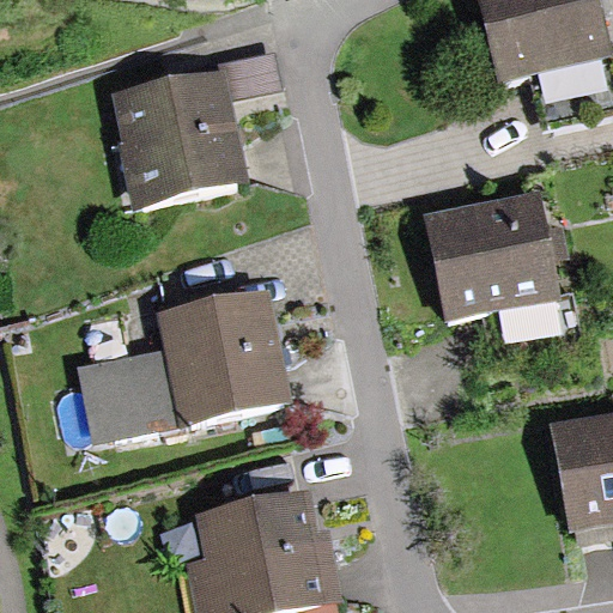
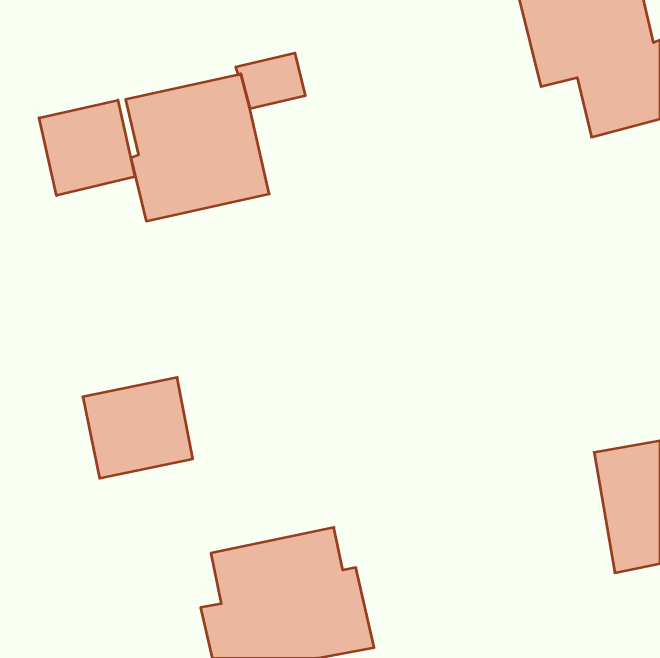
building: none -> [39,100,135,196]
building: [424,192,587,353] -> none
building: [156,287,291,425] -> none

